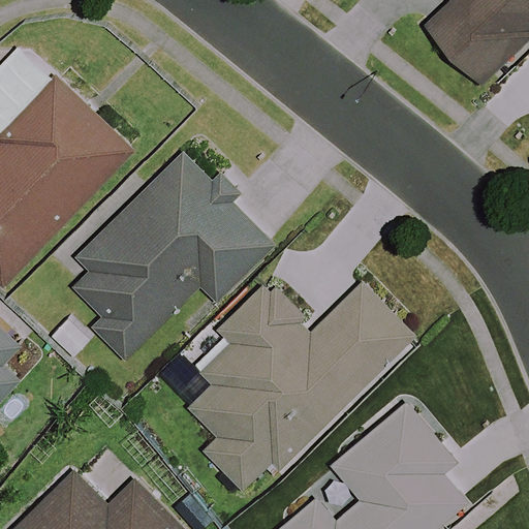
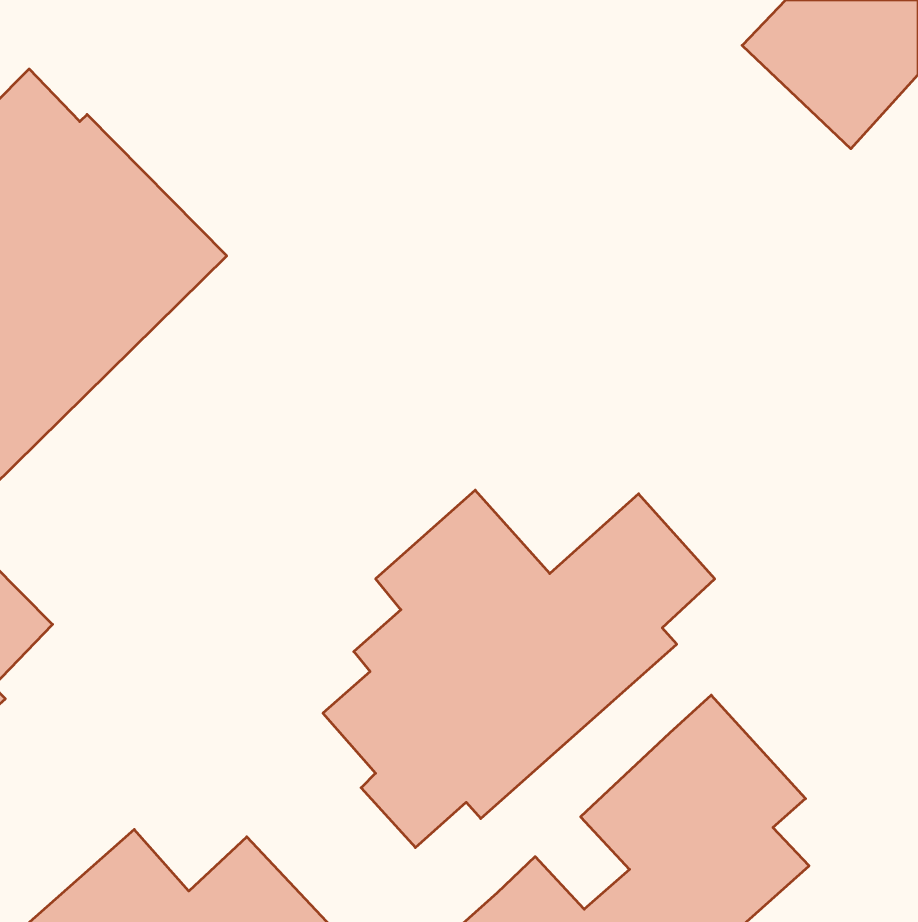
building: [71,153,272,365] -> none

